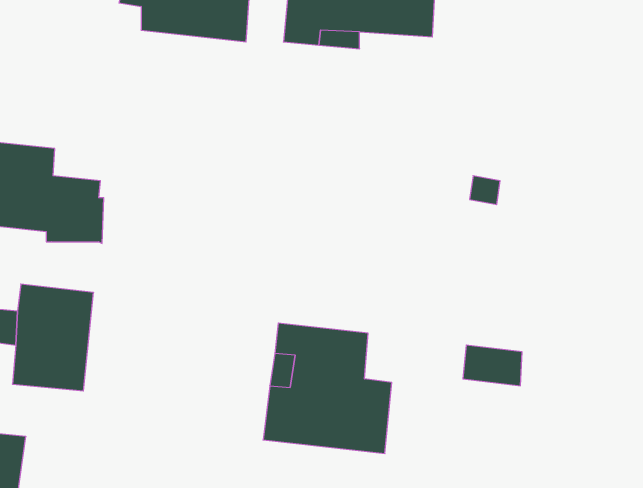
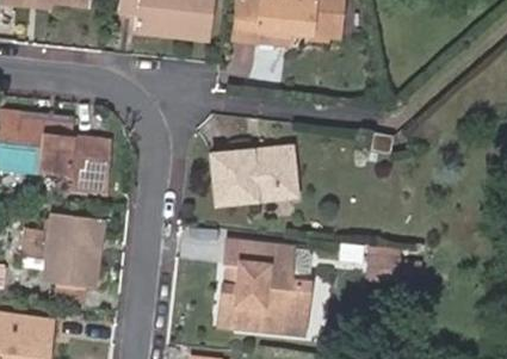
building: none -> [215,146,302,202]

